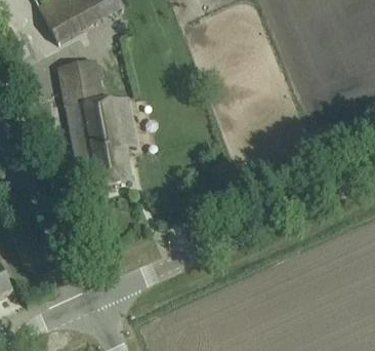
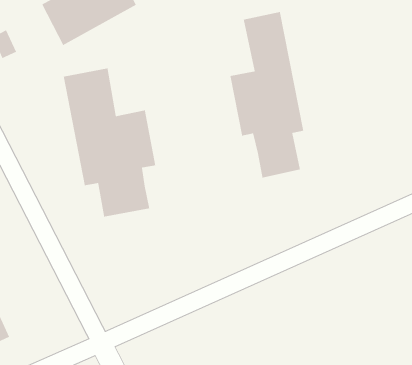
building: none -> [229,11,304,178]

